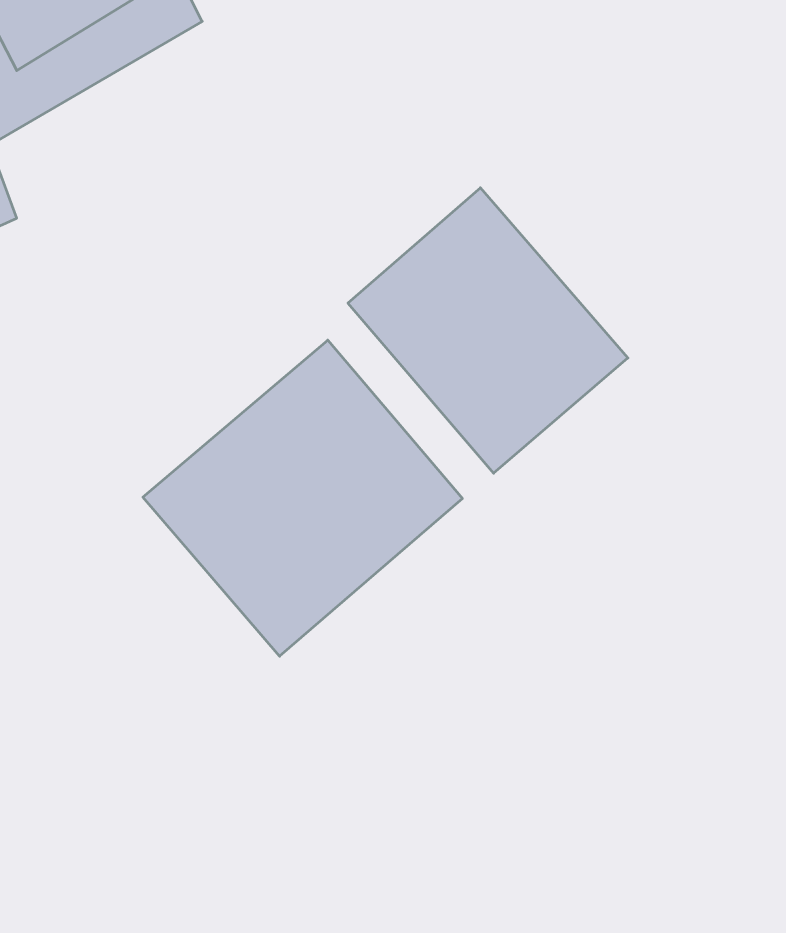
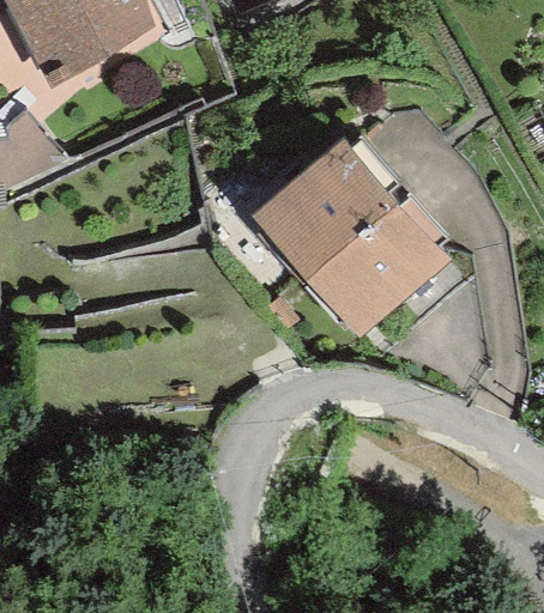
building: [143,340,462,656] -> none

